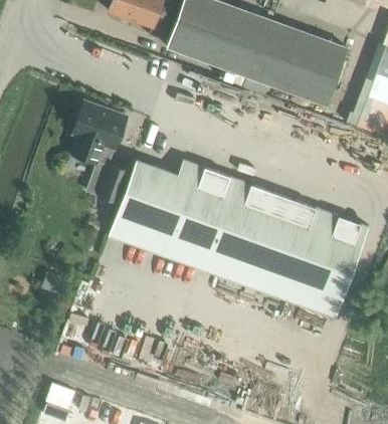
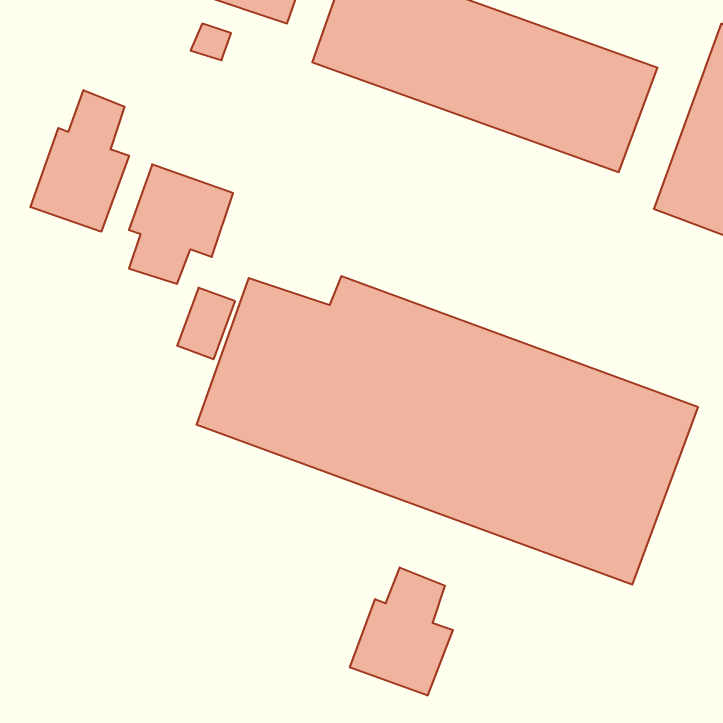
building: none -> [30,90,129,232]
building: none -> [350,567,453,696]

